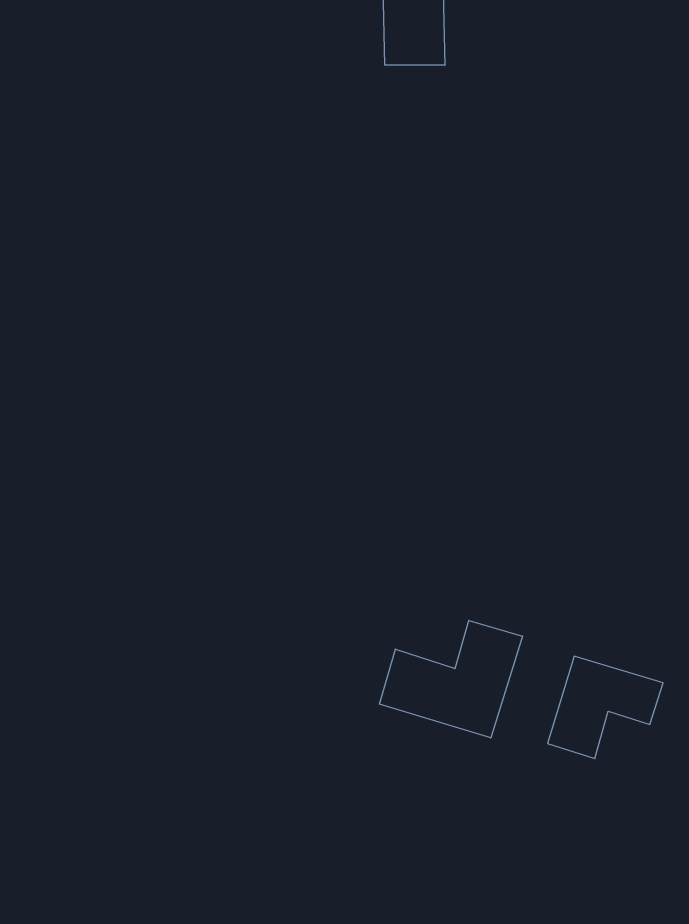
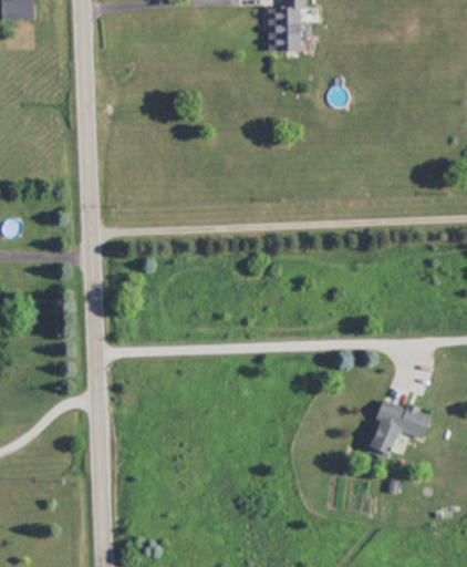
building: [380,620,523,738] -> none

